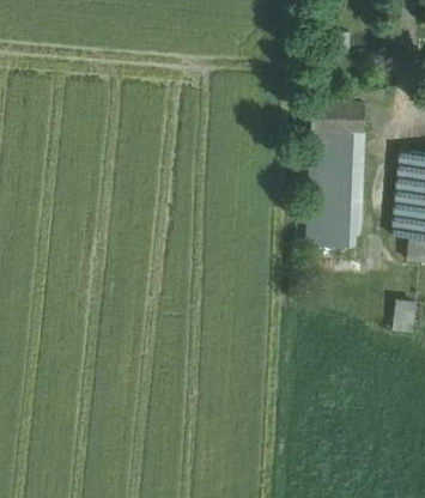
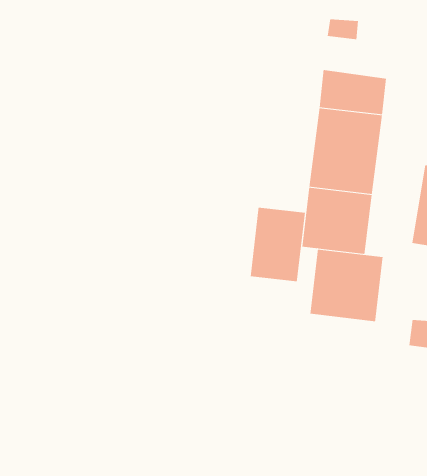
building: none -> [250,207,305,282]
building: none -> [310,249,383,322]

